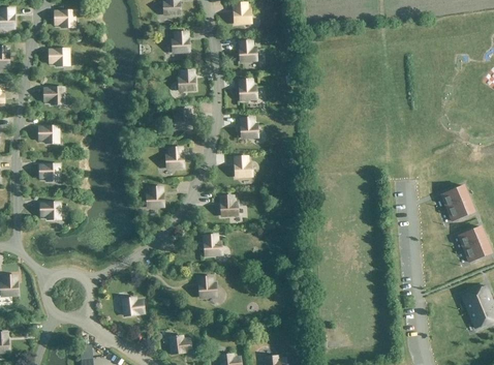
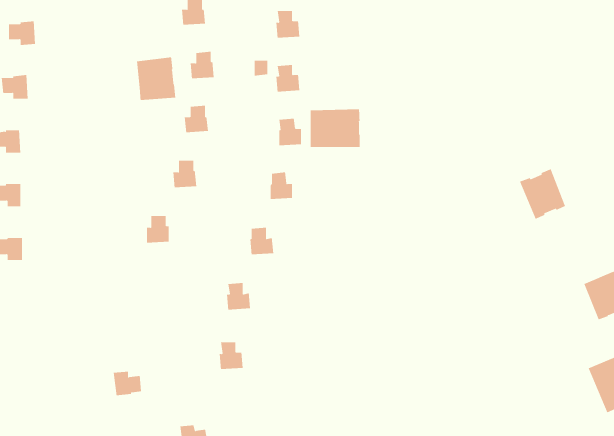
building: none -> [137,56,176,101]
building: none -> [310,109,360,148]
building: [439,185,472,221] -> [519,169,566,219]

